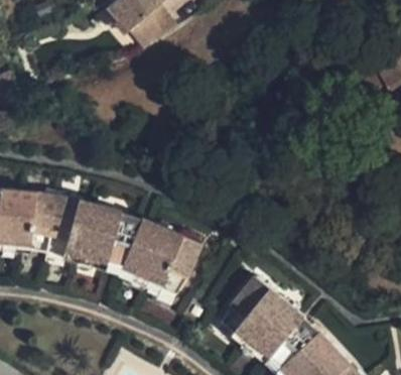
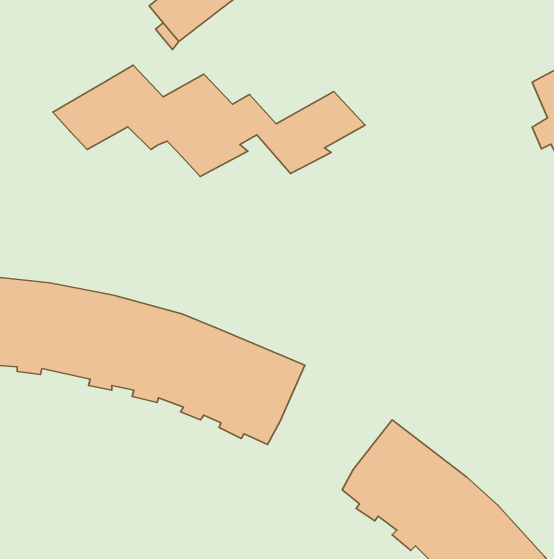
building: none -> [53,65,365,177]

